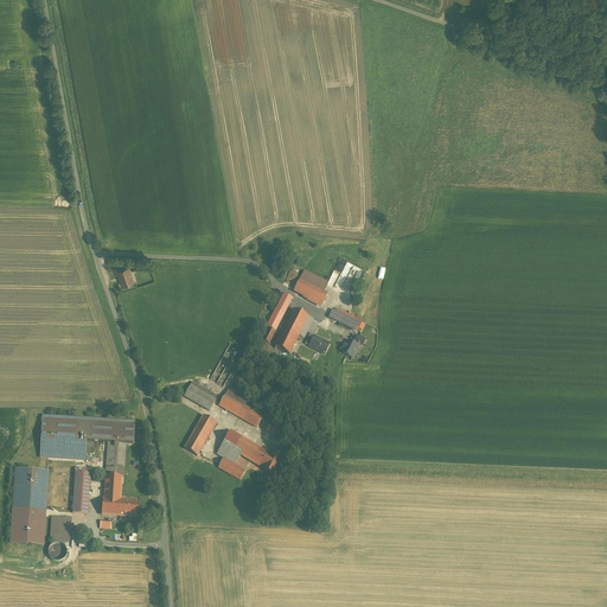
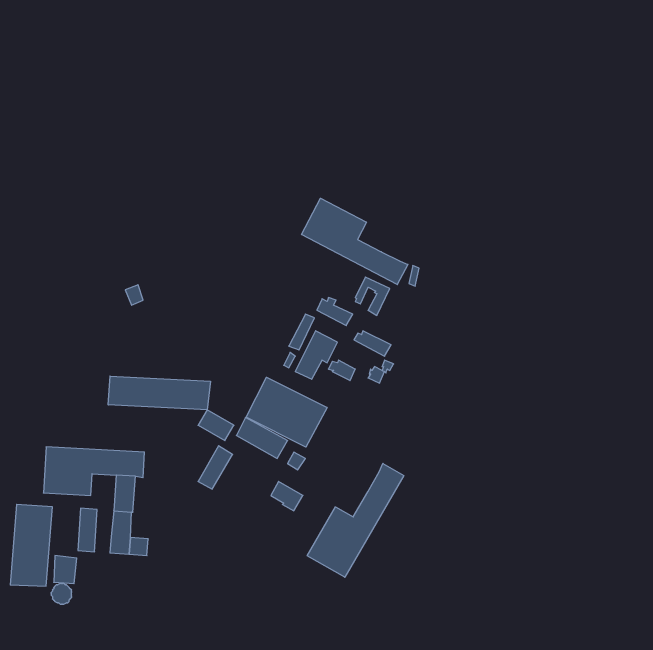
building: none -> [302,198,408,285]
building: none -> [108,376,210,410]
building: none -> [246,377,327,447]
building: none -> [307,463,404,577]
building: [217,430,258,479] -> none

